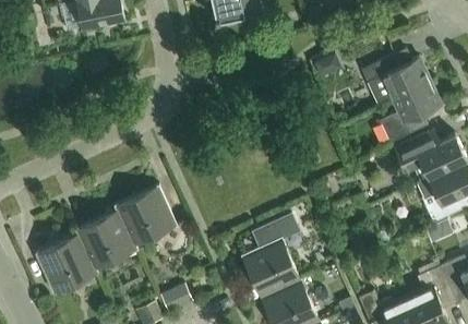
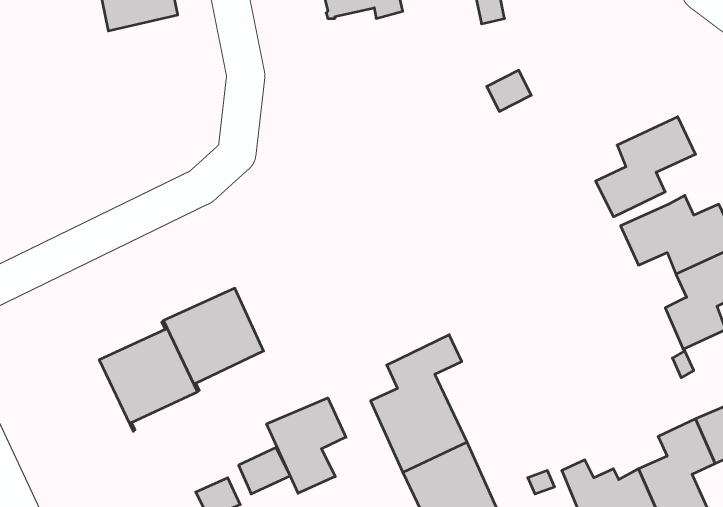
building: [361,57,430,105] -> none
building: [36,230,97,293] -> none
building: none -> [267,398,346,493]

